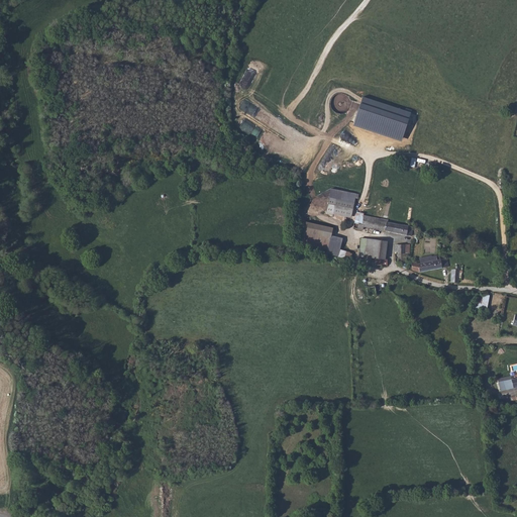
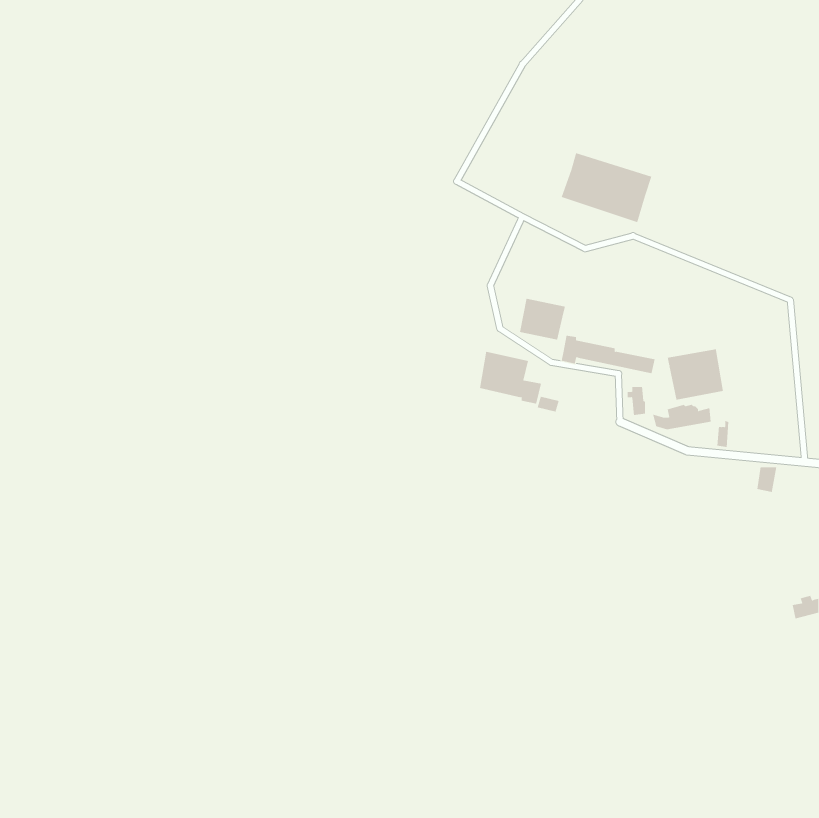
building: none -> [667,348,723,400]
building: [359,237,388,265] -> none

